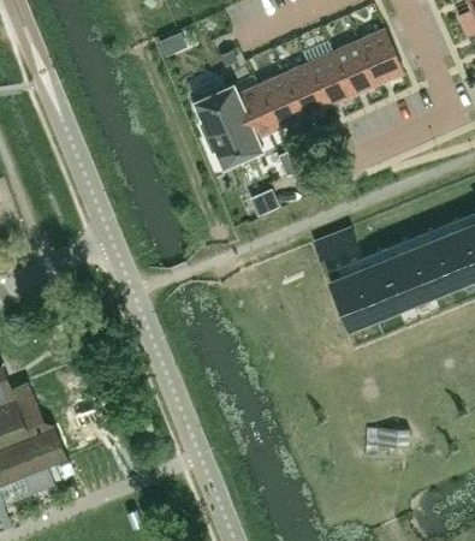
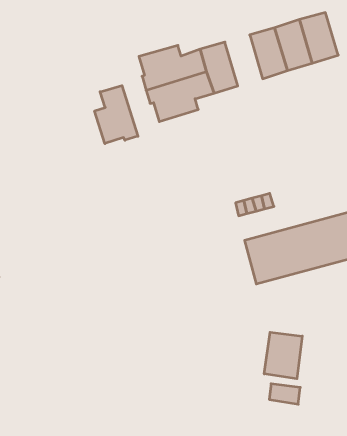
building: [283,63,327,118] -> none
building: none -> [95,86,138,144]
building: none -> [264,332,302,379]

